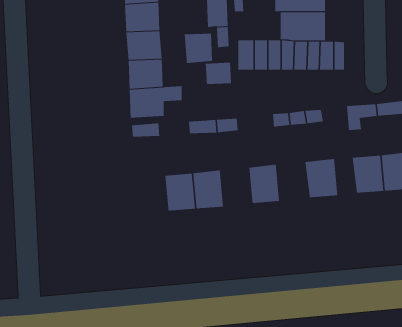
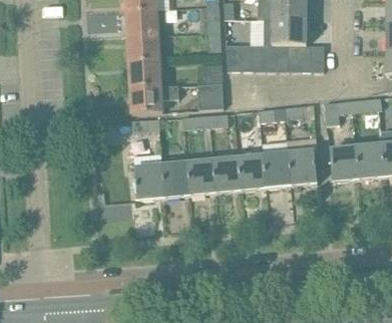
building: [184,33,213,63] -> [198,82,224,109]
building: none -> [263,140,292,188]
building: none -> [213,157,241,193]
building: none -> [135,165,165,200]

